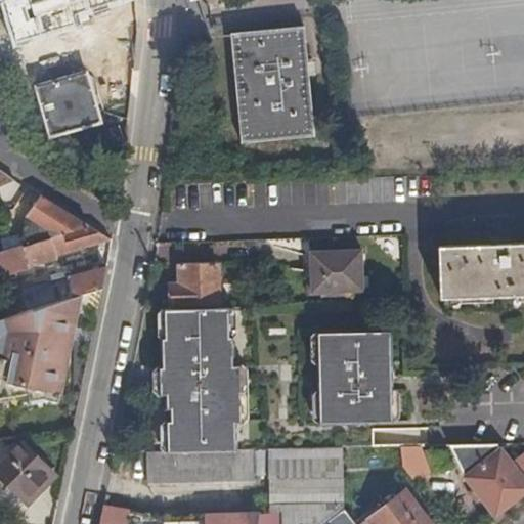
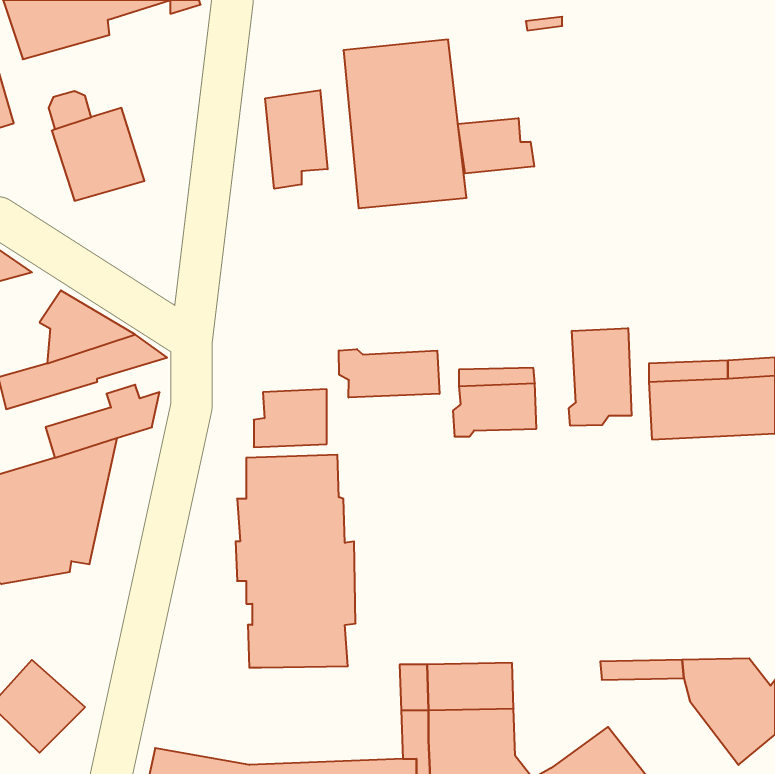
building: none -> [265,90,328,189]
building: none -> [458,118,534,173]
building: none -> [569,328,631,426]
building: none -> [339,349,439,398]
building: [318,333,391,423] -> none
building: [147,450,254,484] -> none

